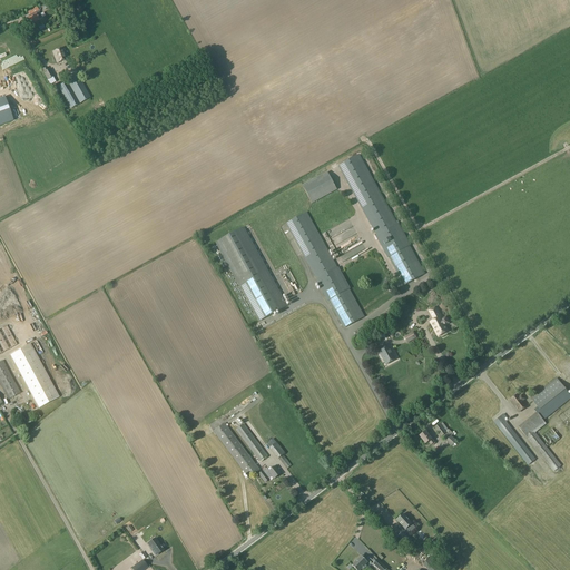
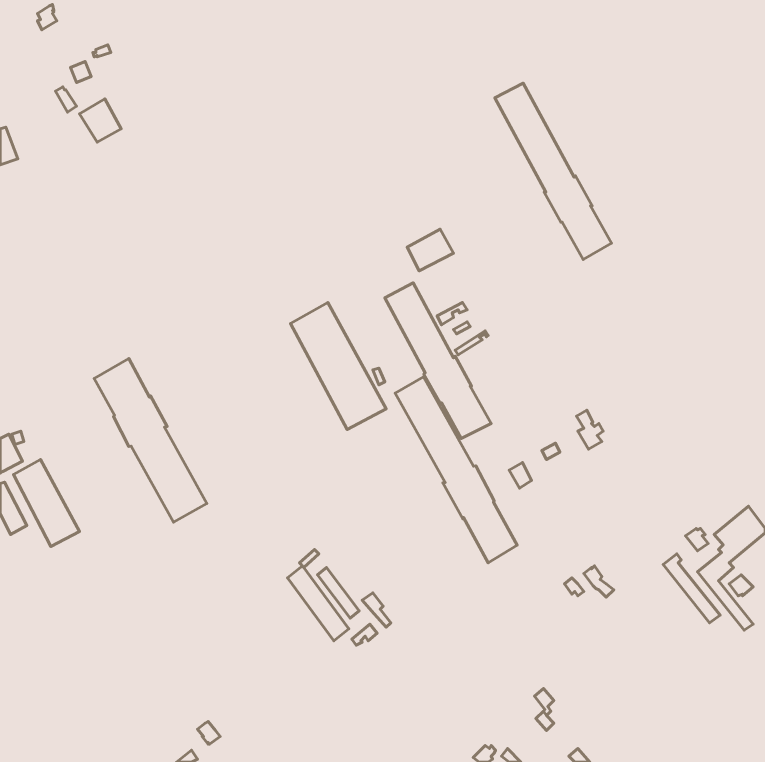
building: [338,153,425,284] -> [495,83,612,260]
building: none -> [94,358,207,522]
building: none -> [395,377,517,563]

